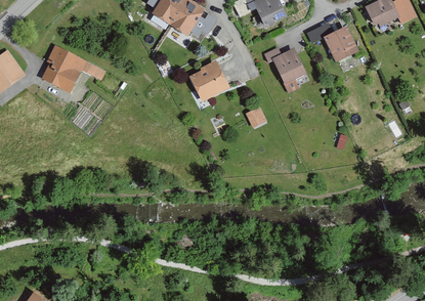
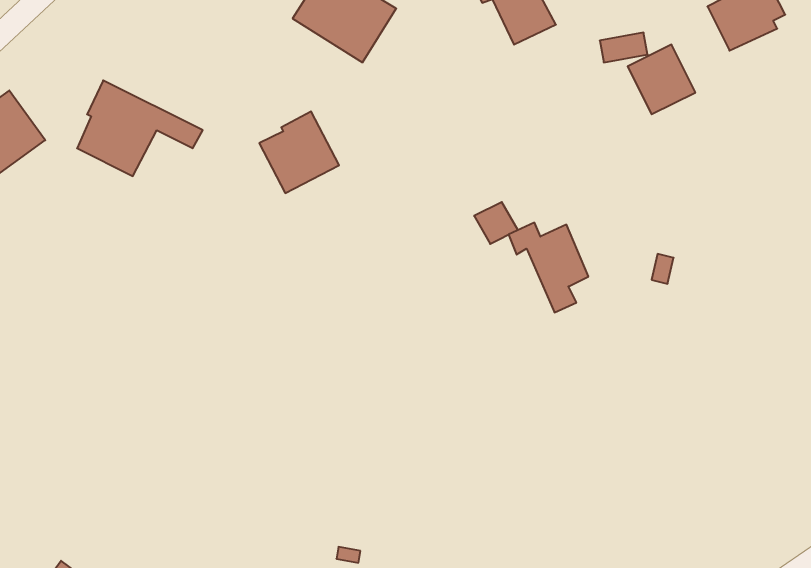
building: [264,47,305,93] -> [509,223,588,312]
building: [188,60,229,102] -> [259,111,339,193]

